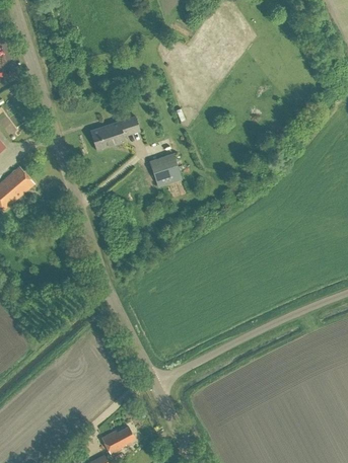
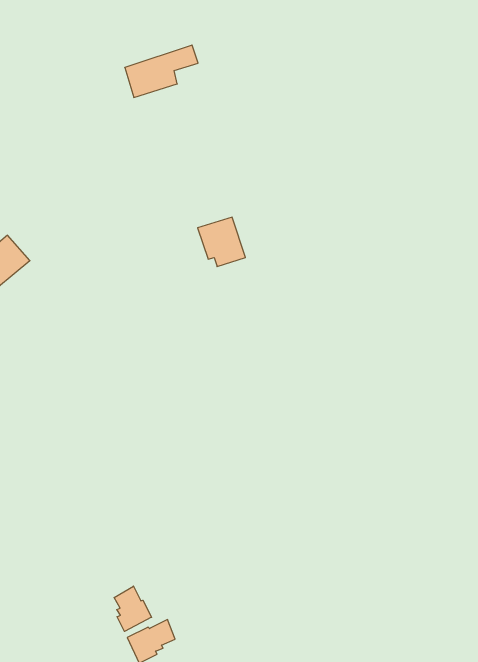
building: [89,115,139,151] -> [125,45,198,97]
building: none -> [114,586,152,631]

